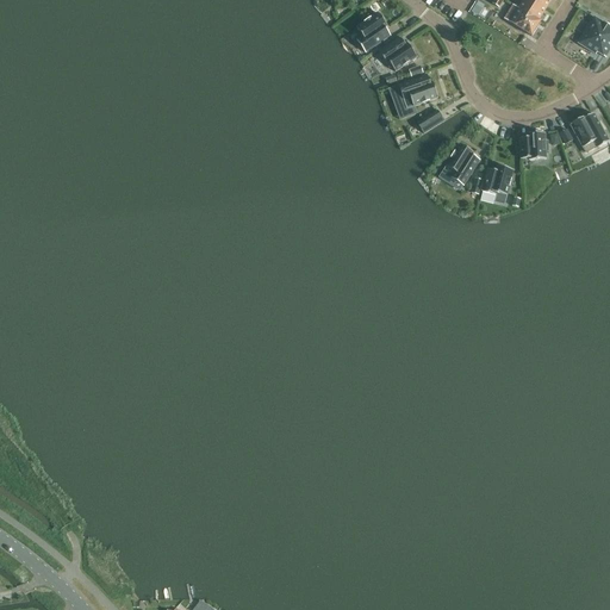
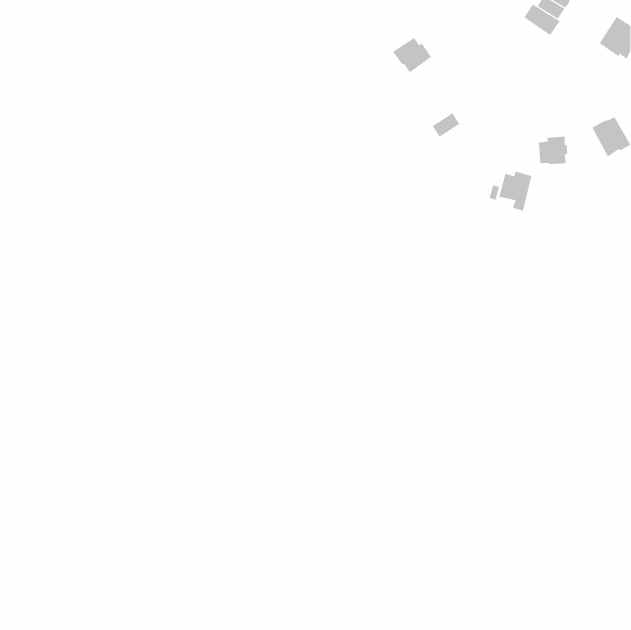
building: [356,11,390,51] -> none
building: [397,73,437,107] -> none
building: [437,143,479,185] -> none

